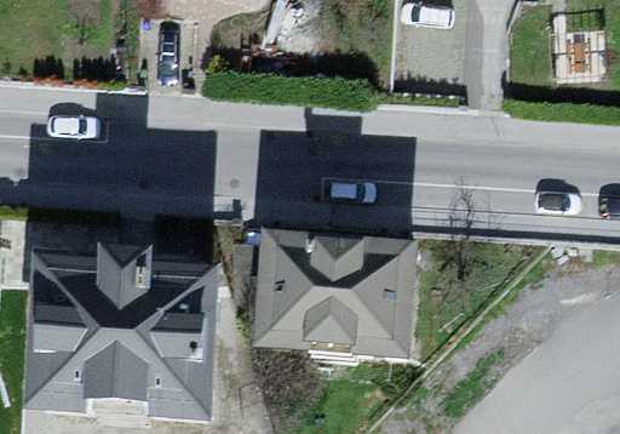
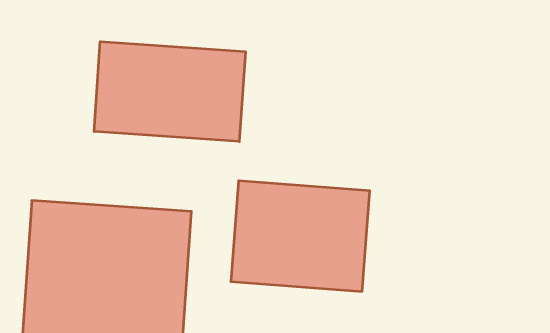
building: none -> [94,42,245,142]

